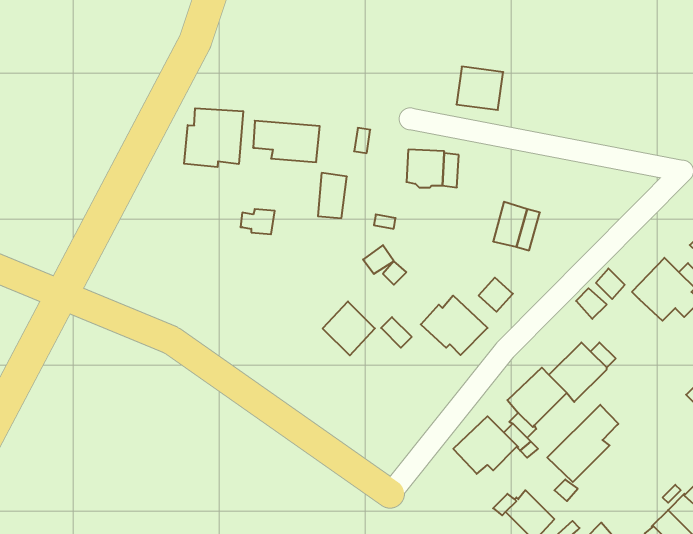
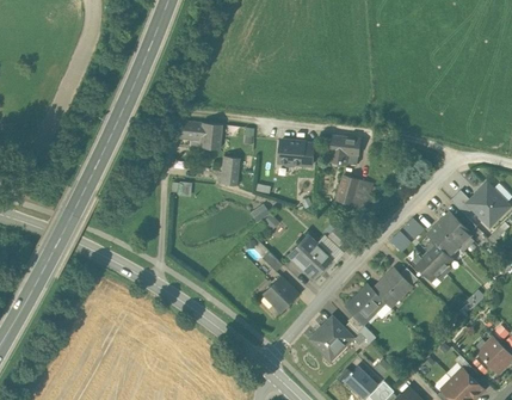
building: [456,67,503,110] -> [329,136,360,165]
building: [184,108,243,167] -> none
building: none -> [412,239,455,282]
building: [323,301,375,355] -> [264,276,298,312]
building: [547,405,618,482] -> none

